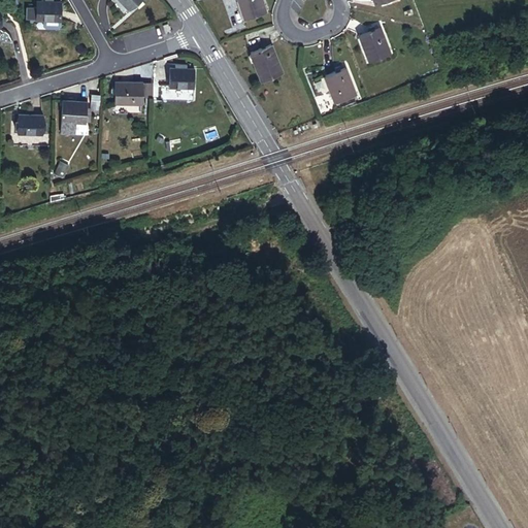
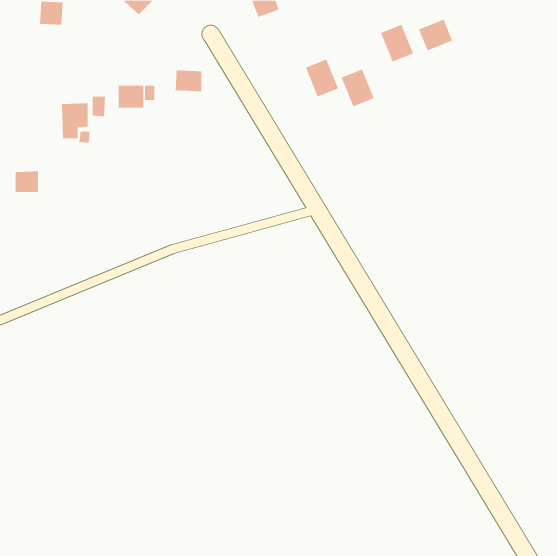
building: none -> [418,19,453,51]
building: [254,46,286,82] -> [305,59,339,97]
building: [19,113,41,134] -> [15,171,39,193]

